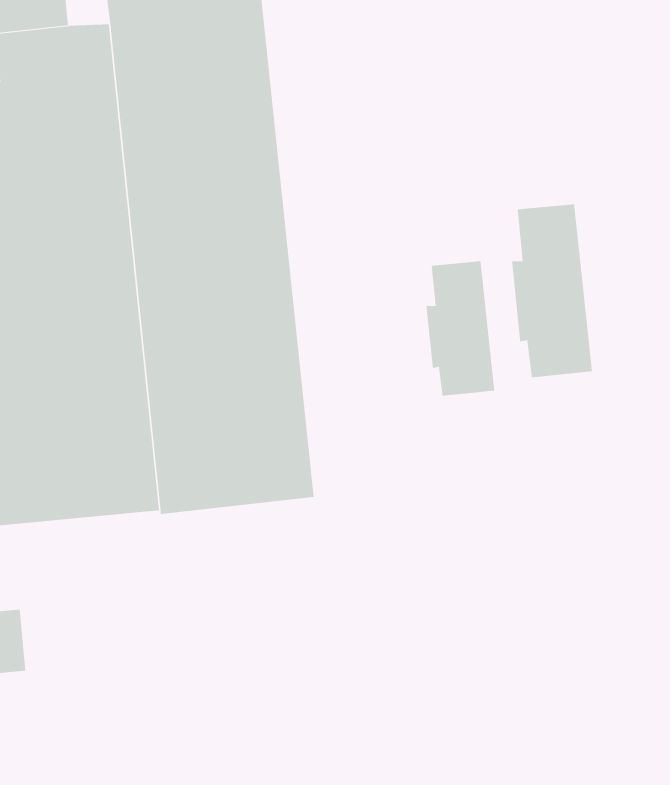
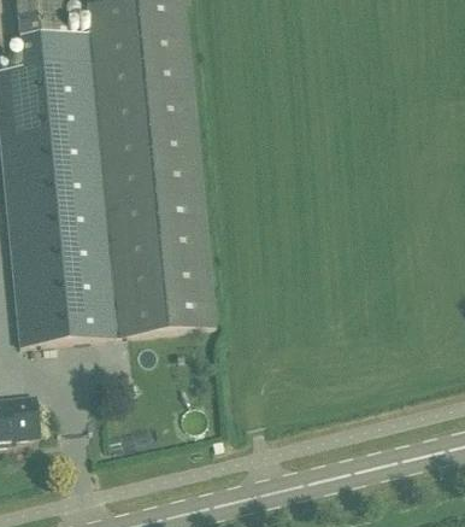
building: [511,203,592,378] -> none
building: [426,260,495,397] -> none

